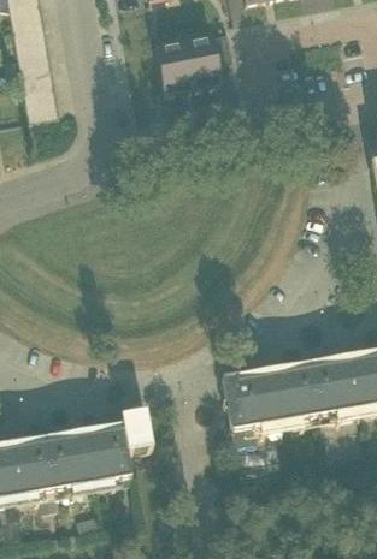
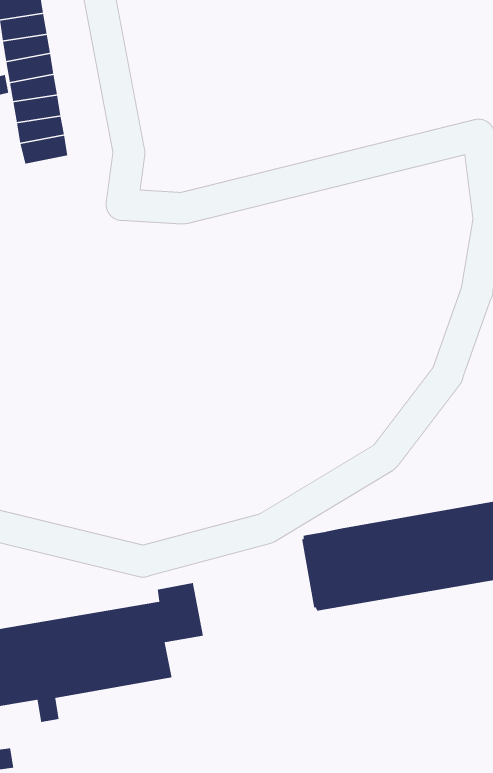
building: [155,30,232,93] -> none

